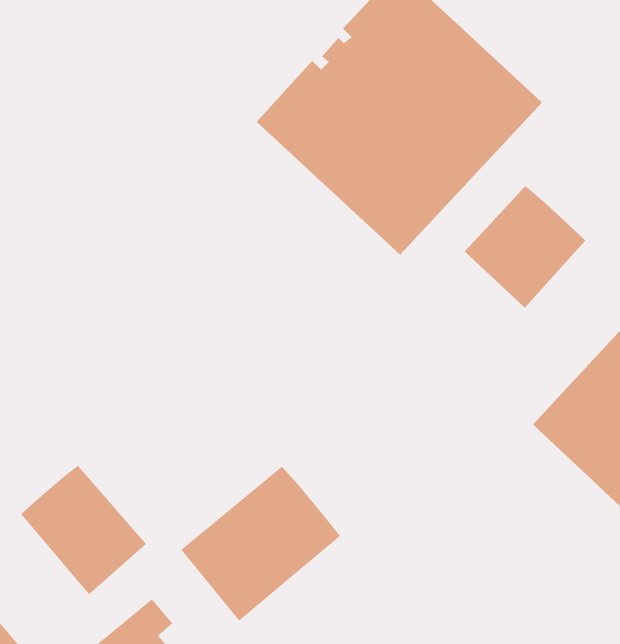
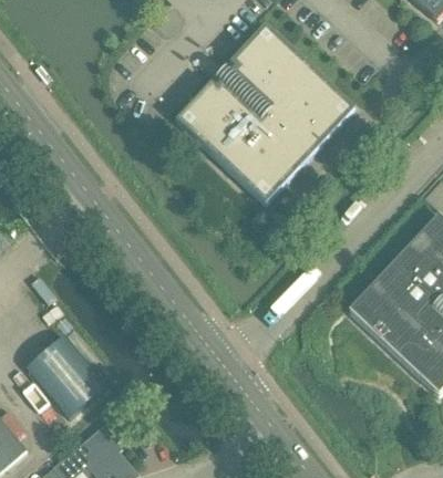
building: [464,185,586,309] -> none
building: [181,466,341,622] -> none

